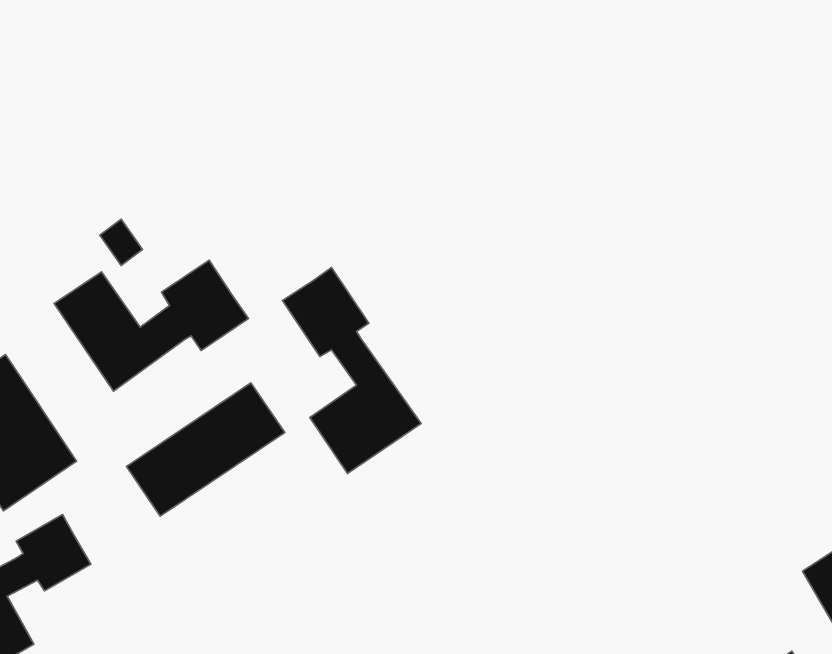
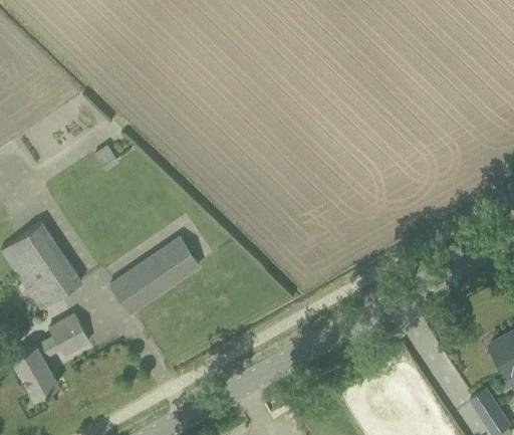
building: [54,260,249,391] -> none
building: [282,267,421,473] -> none

